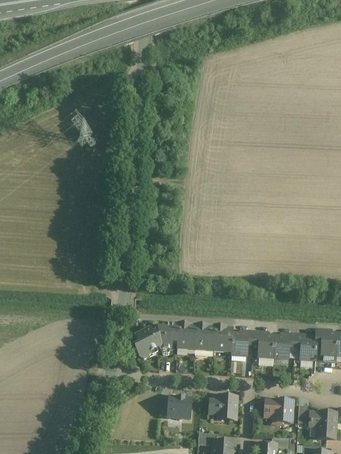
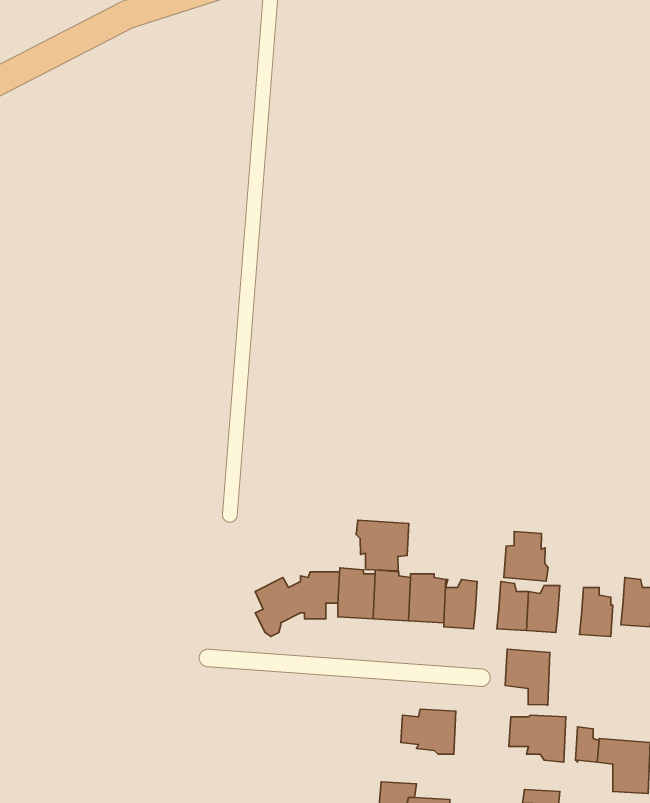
building: none -> [356,520,409,571]
building: none -> [504,532,548,581]
building: none -> [505,649,550,705]
building: [168,398,191,419] -> none

